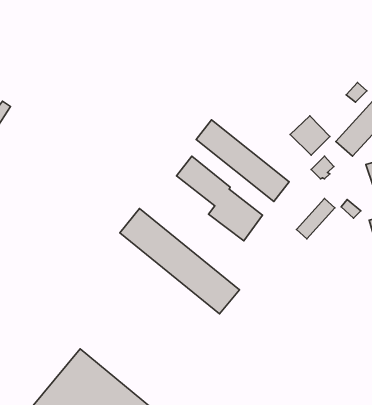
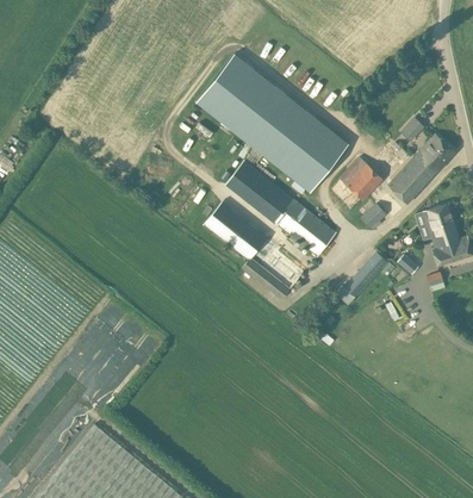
building: none -> [195,55,348,193]
building: [120,209,239,314] -> none

